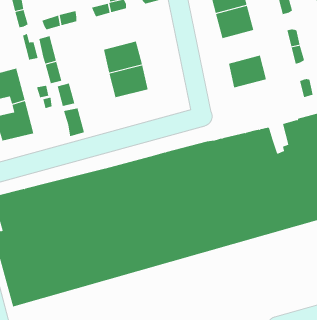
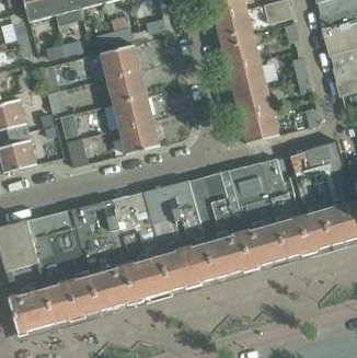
building: none -> [100,43,140,78]
building: none -> [227,58,266,92]
building: none -> [239,108,279,142]
building: none -> [118,118,160,153]

